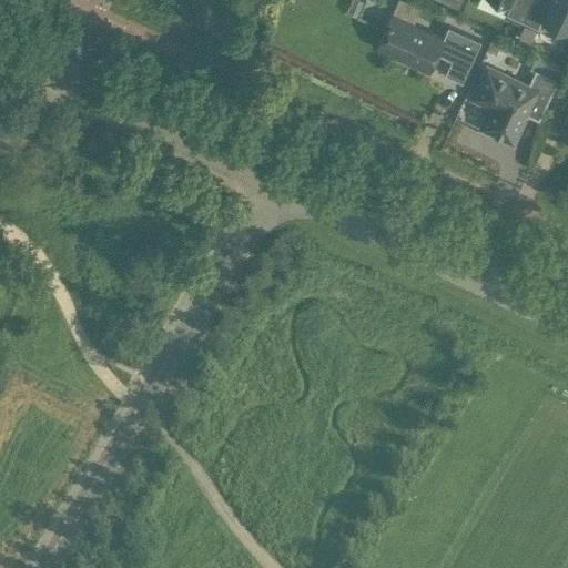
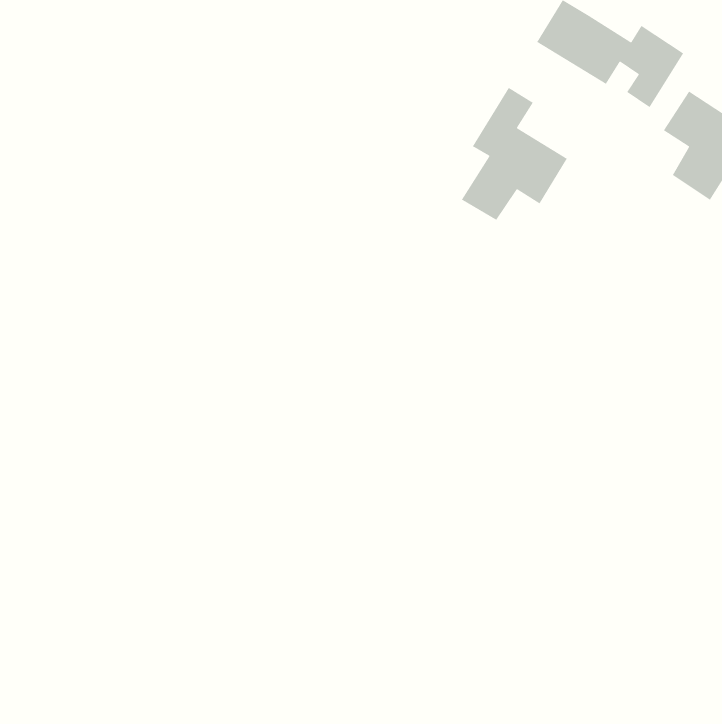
building: none -> [461,87,568,221]

